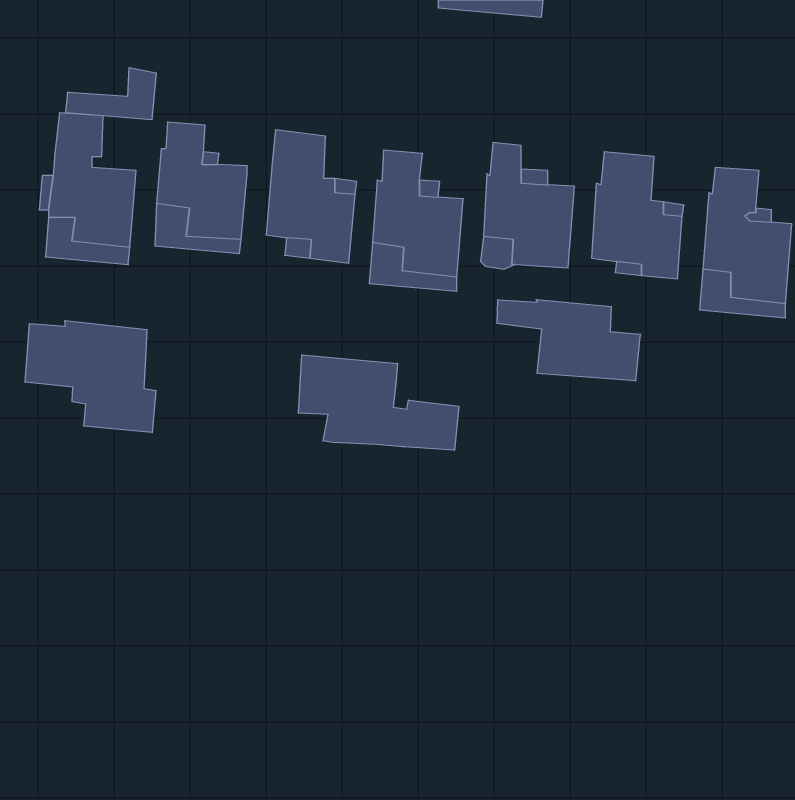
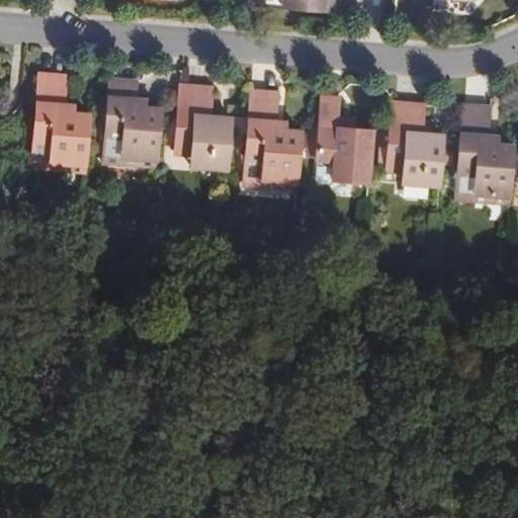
building: [66,68,156,120] -> none
building: [497,299,640,381] -> none
building: [25,321,156,433] -> none
building: [299,355,459,450] -> none

